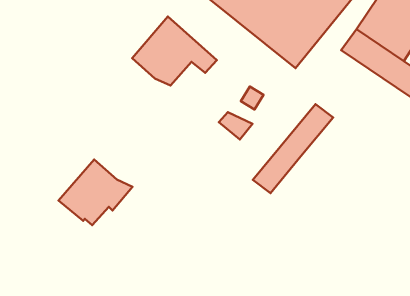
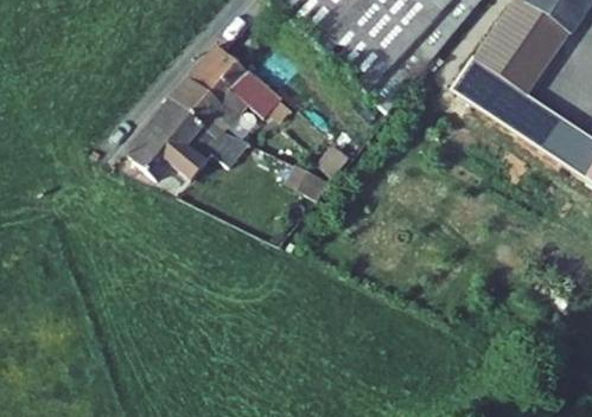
building: [253,104,333,193] -> none
building: [59,160,132,225] -> [132,92,228,178]

